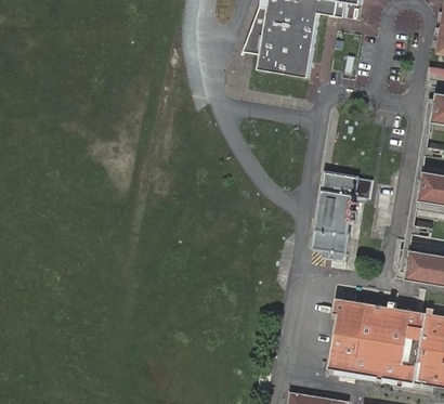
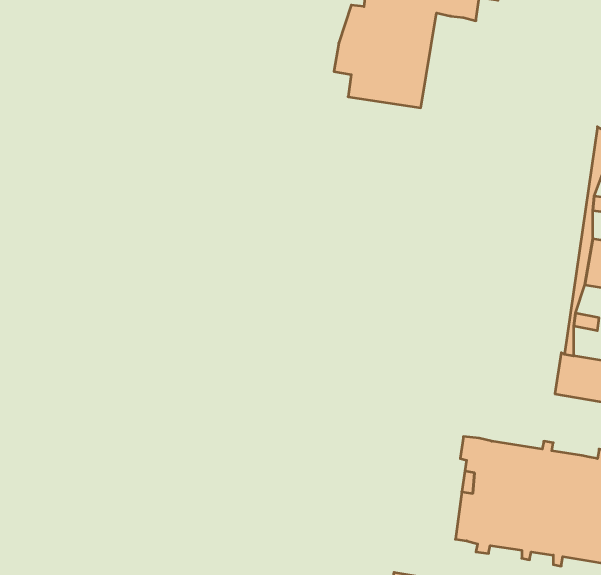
building: [311,173,376,257] -> none

